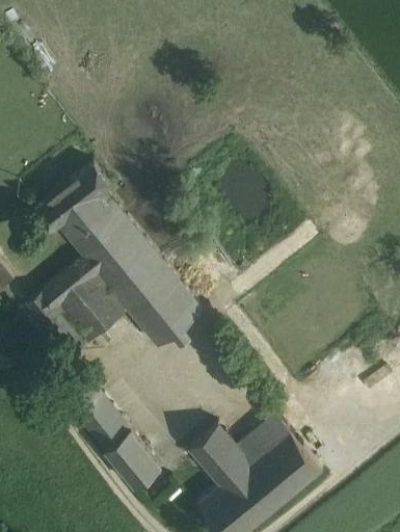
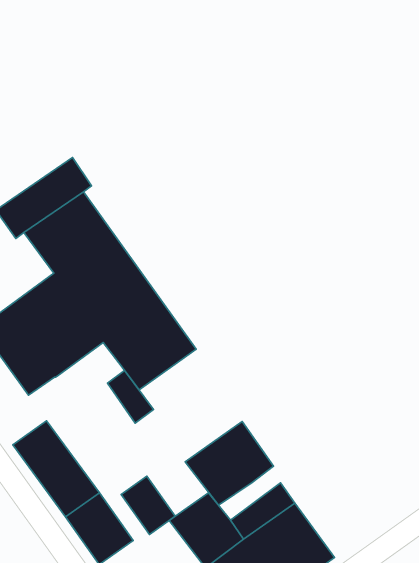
building: none -> [108,370,154,423]
building: none -> [185,422,274,505]
building: none -> [121,476,175,535]

